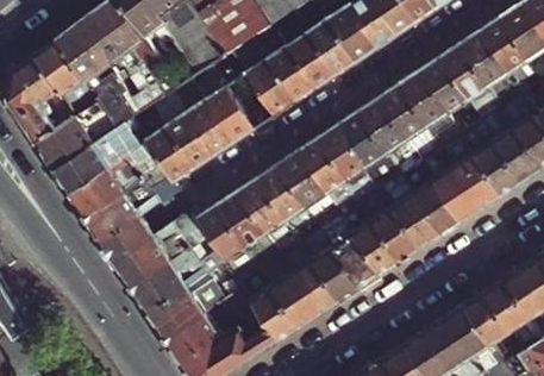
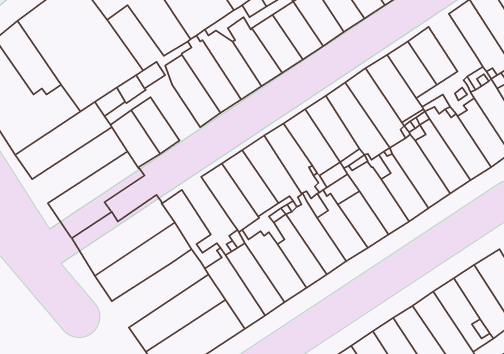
building: [461,30,509,87] -> none
building: [187,99,236,155] -> none
building: [70,142,164,217] -> none
building: [218,190,267,247] -> none
building: [149,275,244,339] -> none

